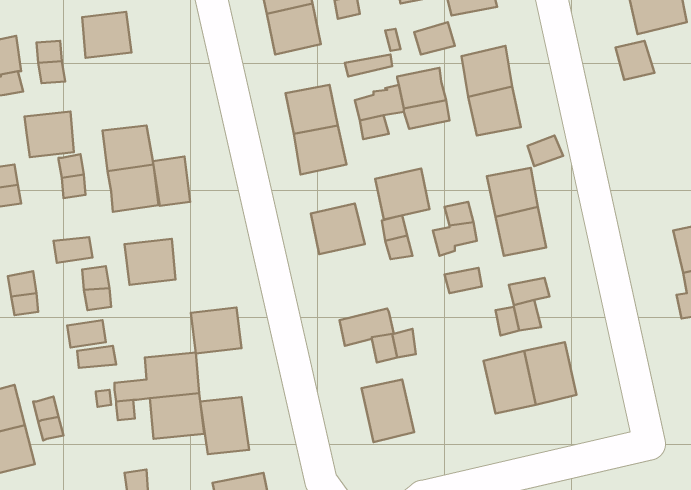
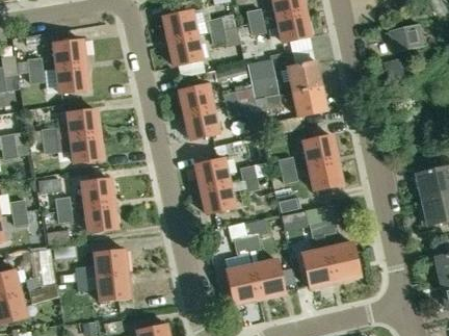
building: [25,112,74,157] -> [57,64,87,93]
building: [153,157,190,206] -> none
building: [375,169,429,219] -> [201,182,234,213]
building: [191,308,242,353] -> [84,204,115,232]
building: none -> [252,259,284,298]
building: [200,397,249,454] -> none

